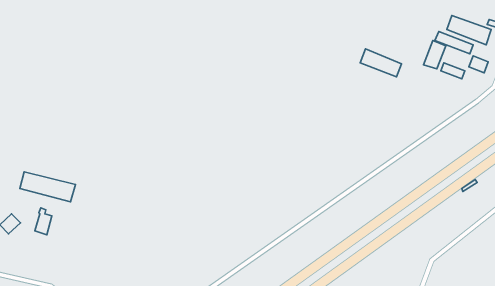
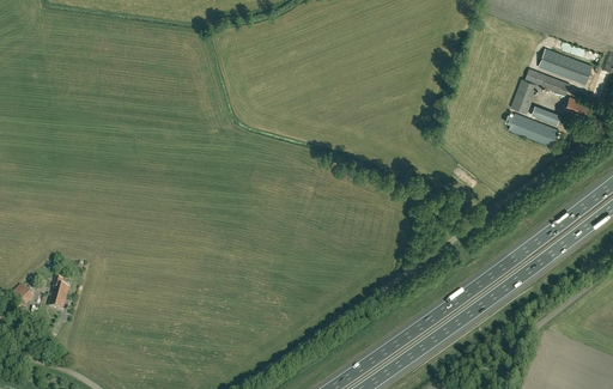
building: [360,49,402,77] -> [509,111,558,145]
building: [20,172,75,202] -> none

